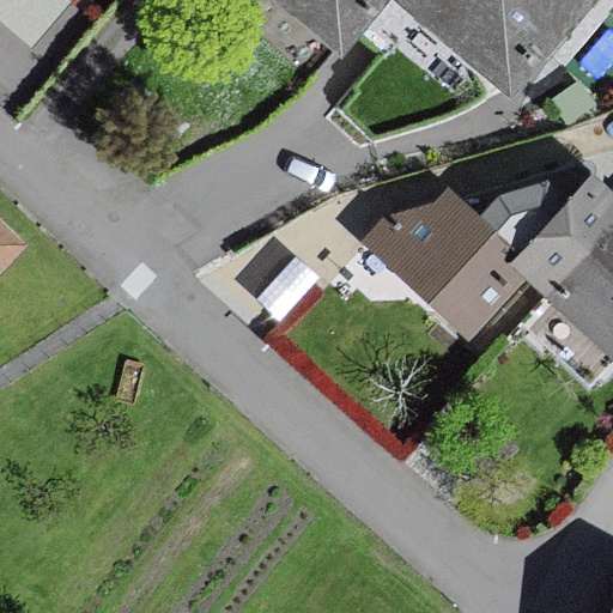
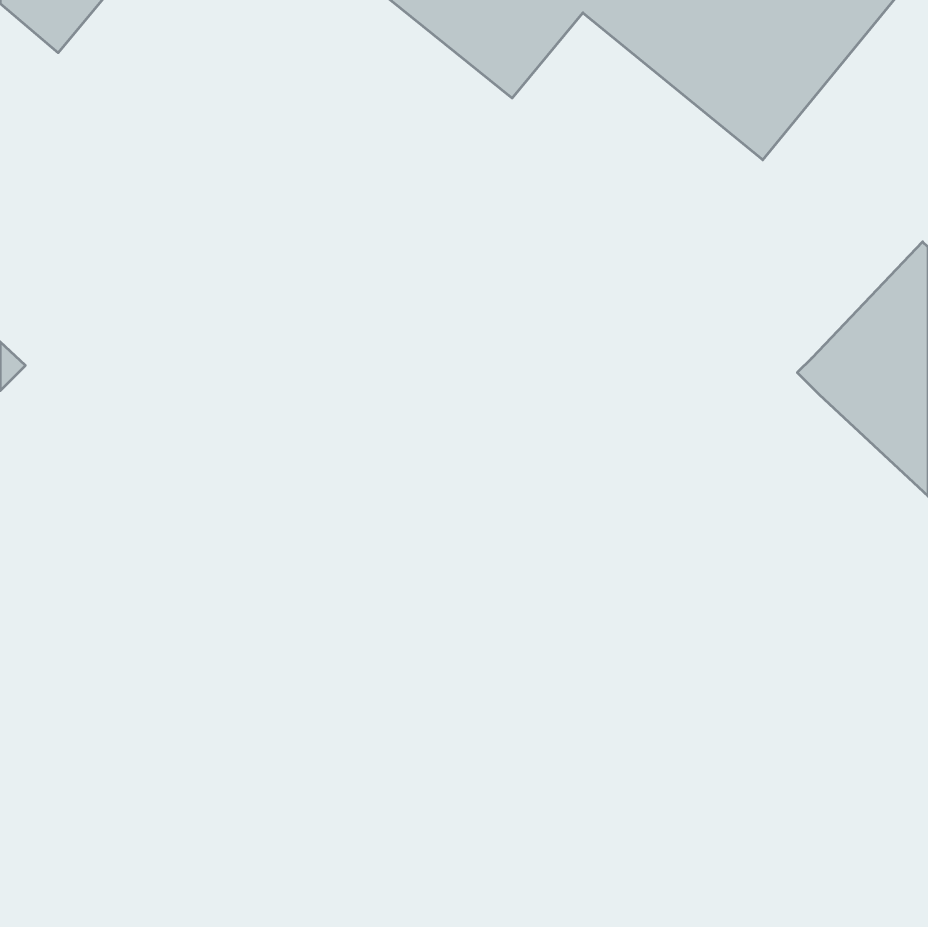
building: [387,159,540,321] -> none

